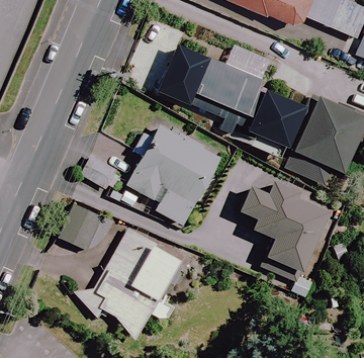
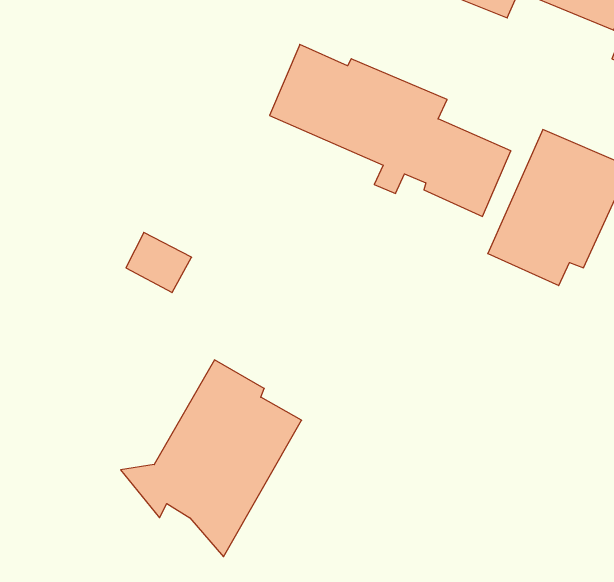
building: [127,124,221,226] -> none
building: [241,184,329,275] -> none
building: [59,201,104,251] -> none

